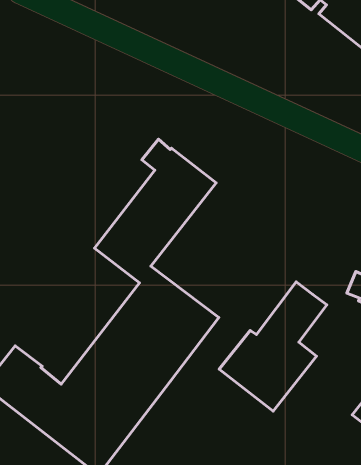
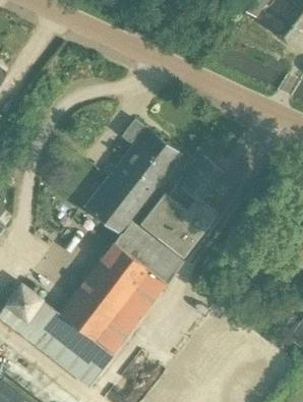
building: [219,282,327,411] -> [141,154,227,256]

